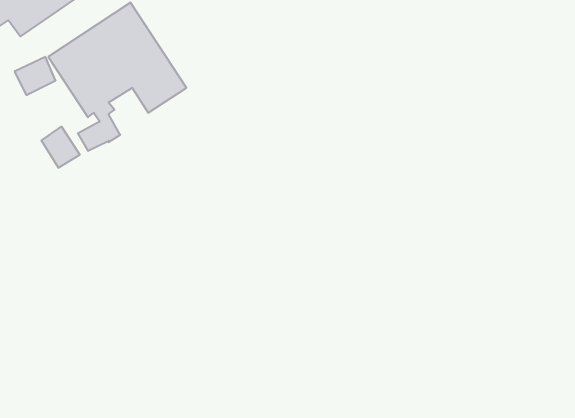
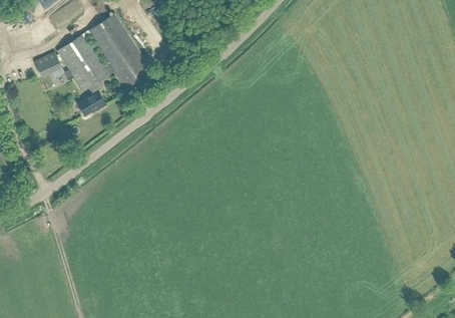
building: [41,127,80,168] -> none

